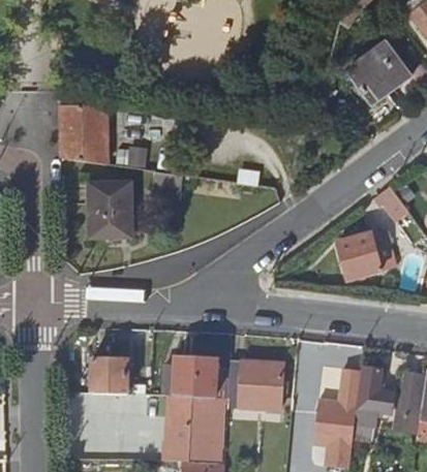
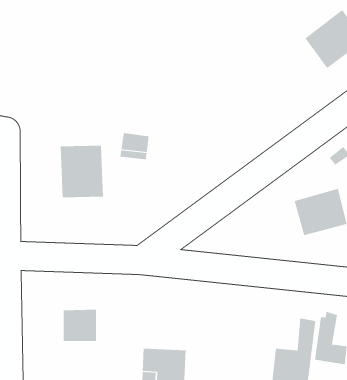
building: [61,104,106,164] -> none
building: [175,357,217,397] -> none
building: [227,359,283,408] -> none

